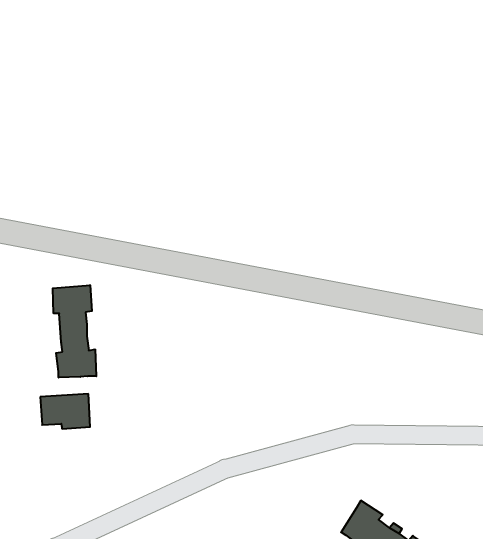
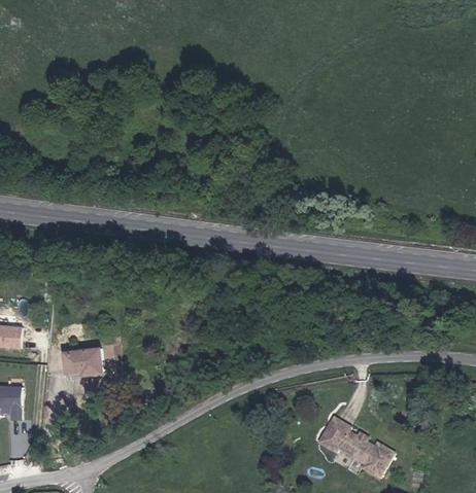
building: [53,285,96,378] -> none

